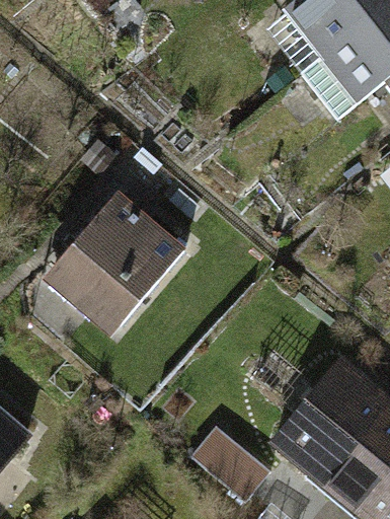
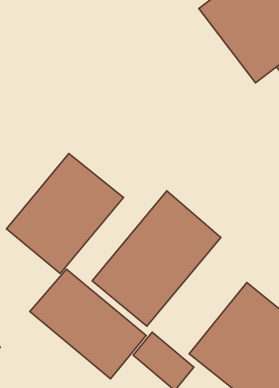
building: none -> [92,191,221,326]
building: none -> [30,269,146,379]

